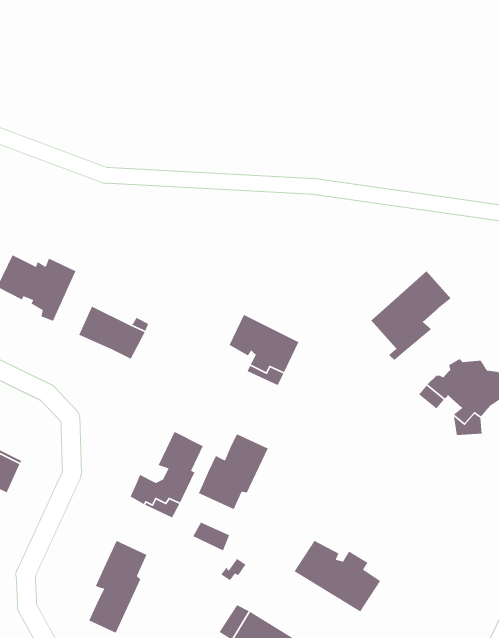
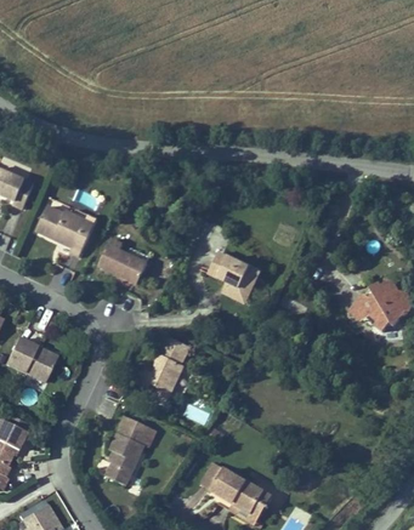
building: [371,271,451,361] -> none
building: [198,433,269,510] -> none
building: [293,540,381,613] -> none

